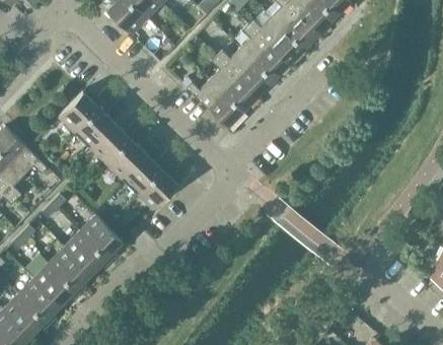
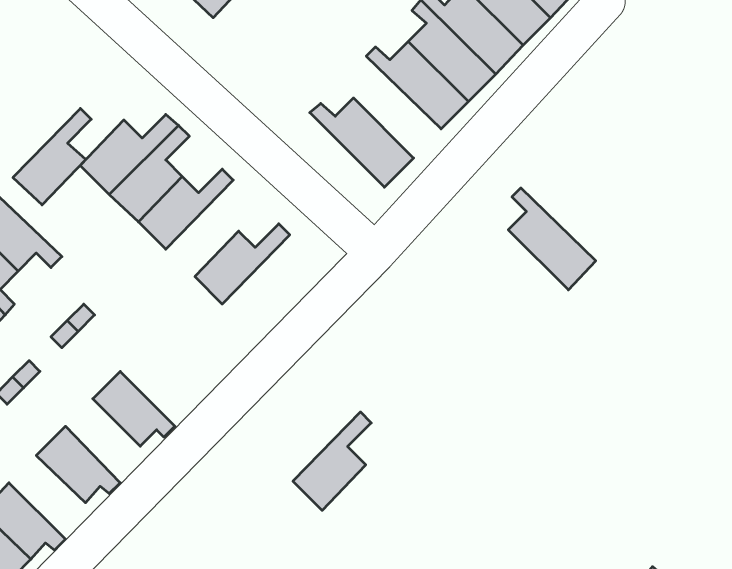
building: [210,56,259,113] -> [508,188,596,290]
building: [105,125,149,179] -> [13,108,91,205]
building: [137,155,180,210] -> [293,412,371,510]
building: [80,215,123,262] -> none
building: [50,247,91,293] -> none
building: [18,278,61,325] -> none

